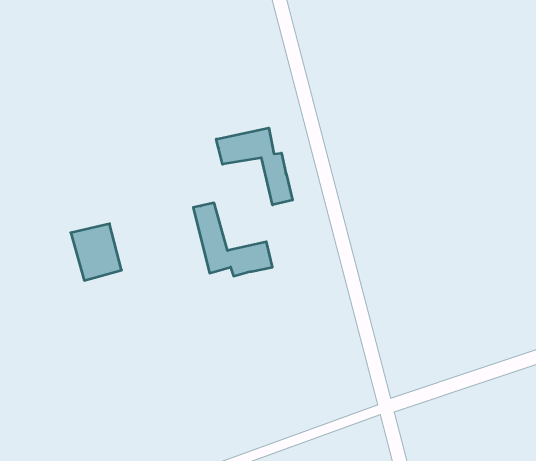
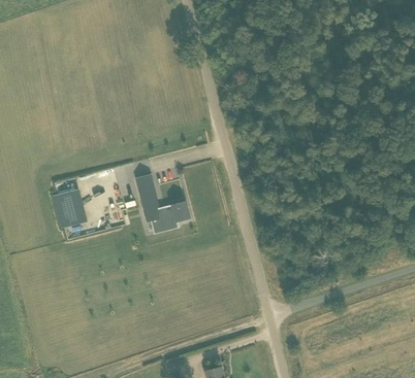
building: [216,128,293,205] -> none

